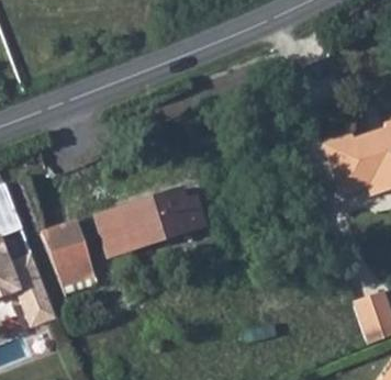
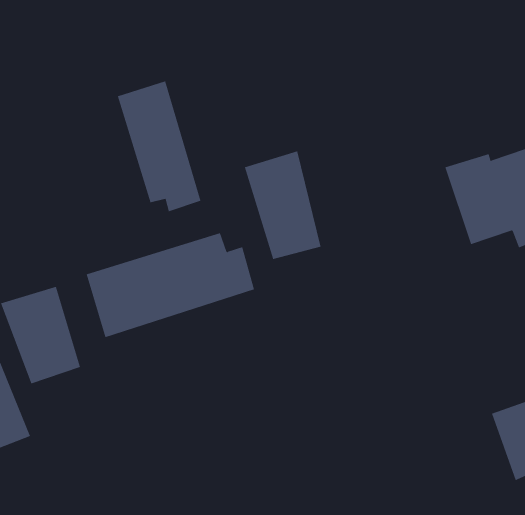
building: none -> [117,80,201,212]
building: none -> [244,151,321,260]

